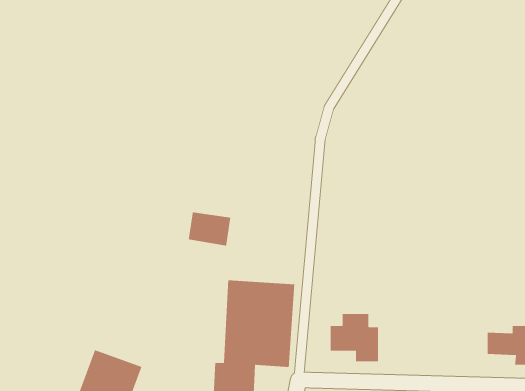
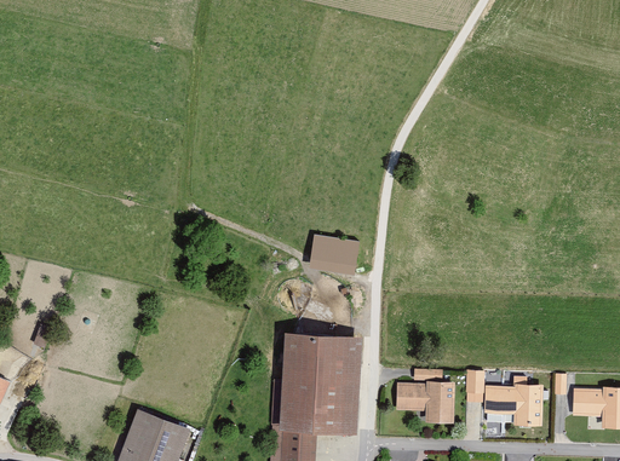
building: [188,212,231,246] -> [310,235,358,273]
building: none -> [469,374,545,426]

